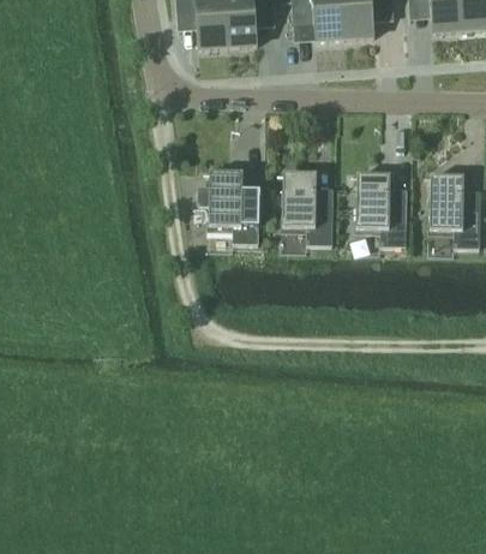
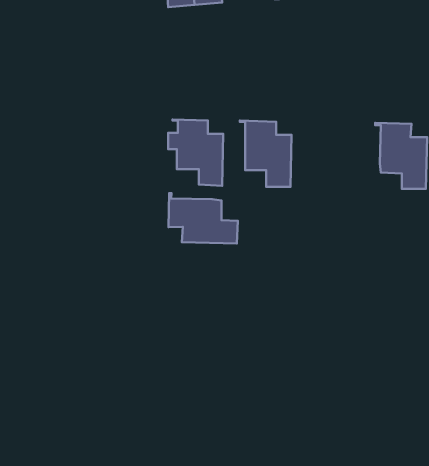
building: [350,174,406,248] -> none
building: none -> [169,193,238,243]

